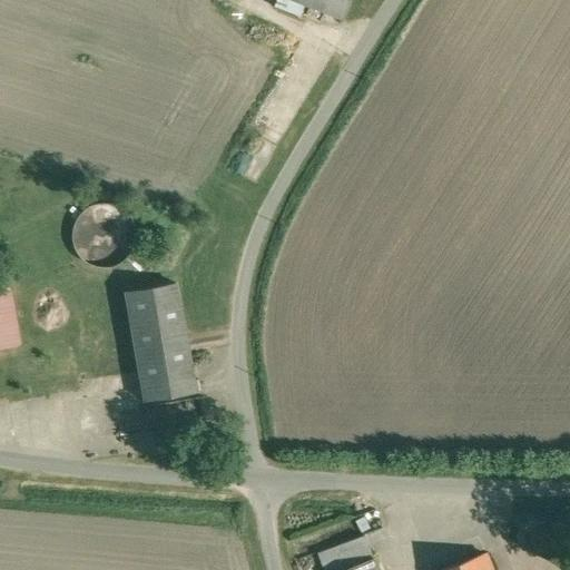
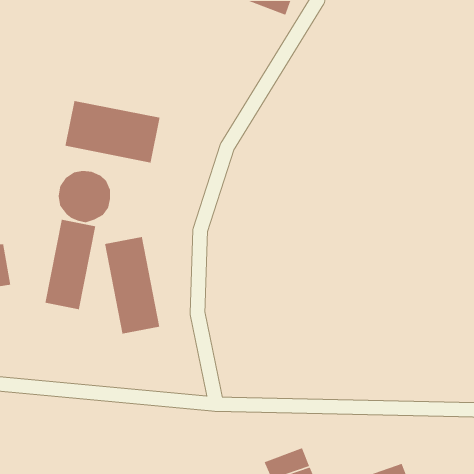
building: none -> [65,100,161,164]
building: none -> [44,219,96,310]

